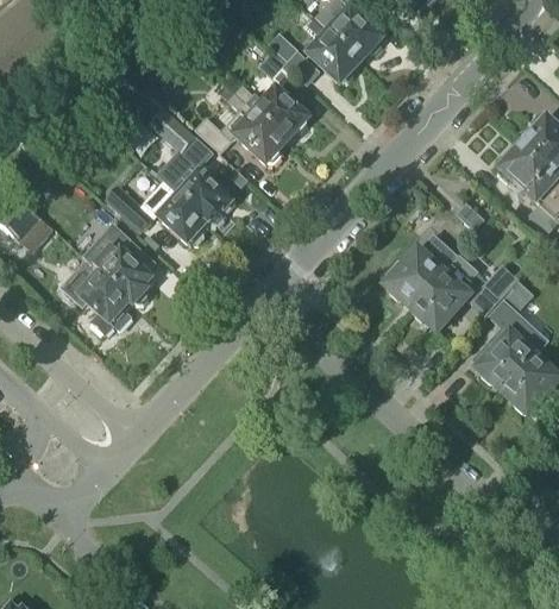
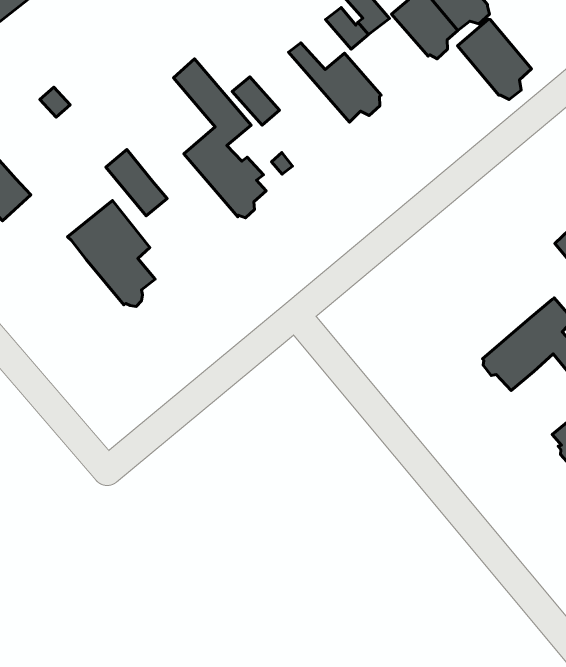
building: none -> [458,19,531,100]
building: [226,93,287,163] -> none
building: [143,181,211,245] -> none
building: [381,233,459,308] -> none
building: [61,258,132,333] -> none

